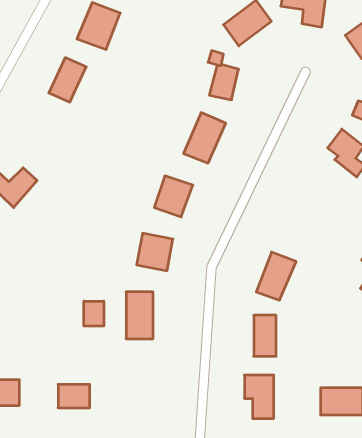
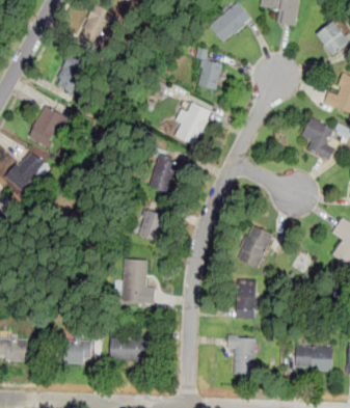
building: none -> [27,105,66,145]
building: [84,301,104,326] -> none
building: none -> [111,337,147,361]

